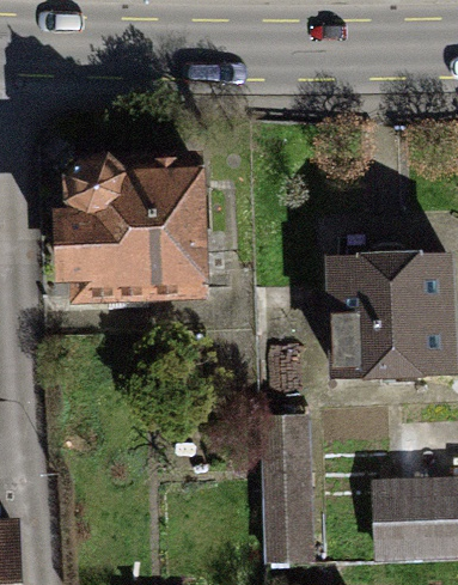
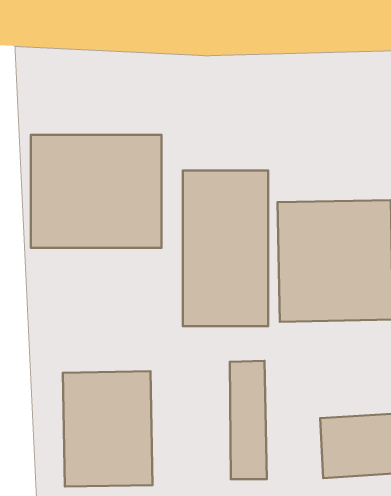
building: none -> [183,171,268,326]
building: none -> [63,371,153,487]

